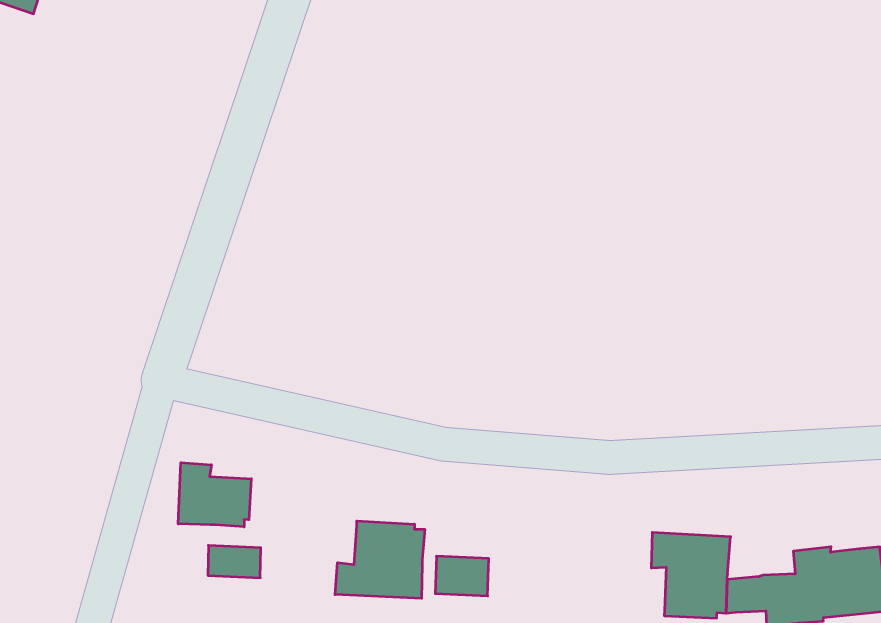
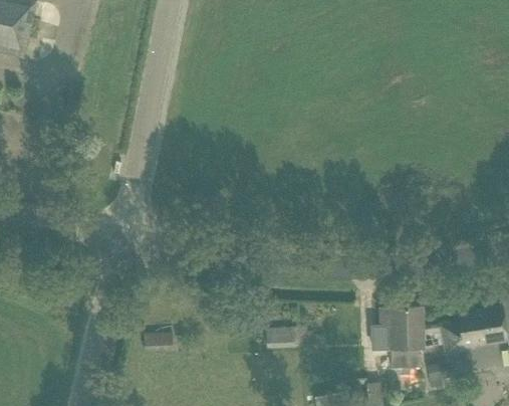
building: [178,463,251,527] -> none
building: [335,521,425,598] -> none

